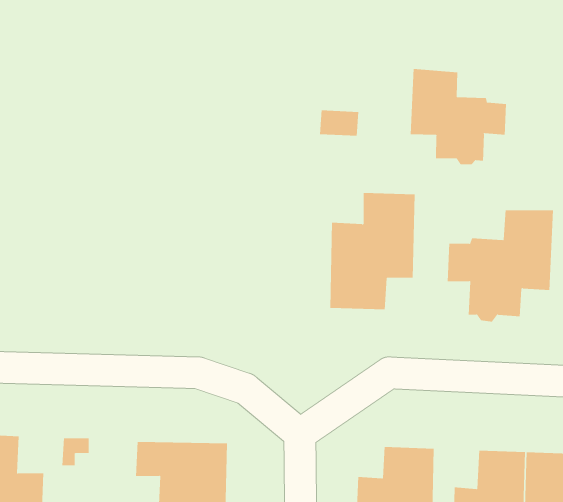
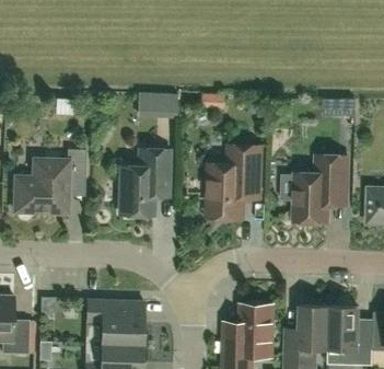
building: [410,68,507,165] -> none
building: none -> [143,93,183,118]
building: none -> [14,149,85,212]
building: none -> [119,149,170,218]

